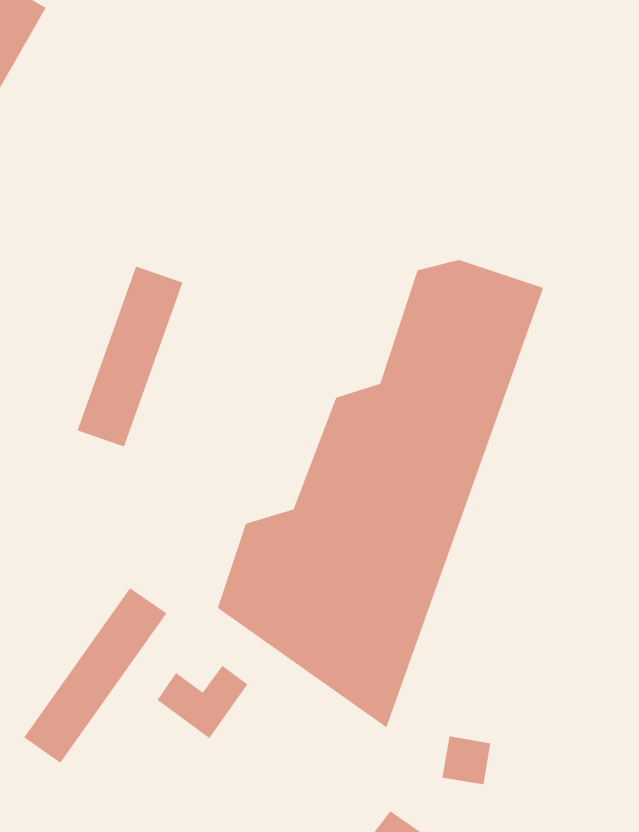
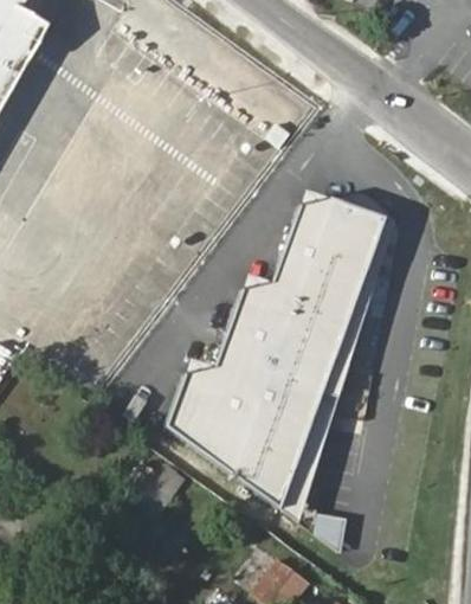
building: [76,265,184,448] -> none
building: [23,587,167,764] -> none

